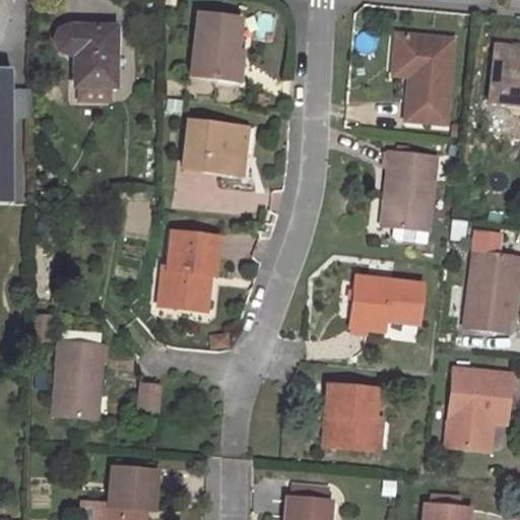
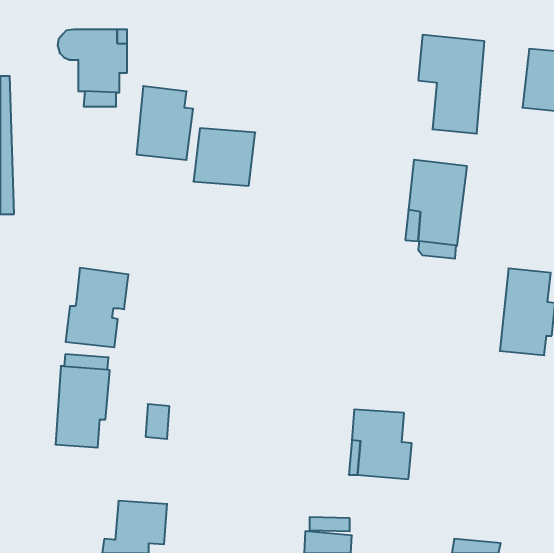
building: [191,15,244,84] -> [137,86,193,160]
building: [156,235,215,309] -> [66,268,129,347]
building: [349,275,424,334] -> none
building: [447,368,511,448] -> none

